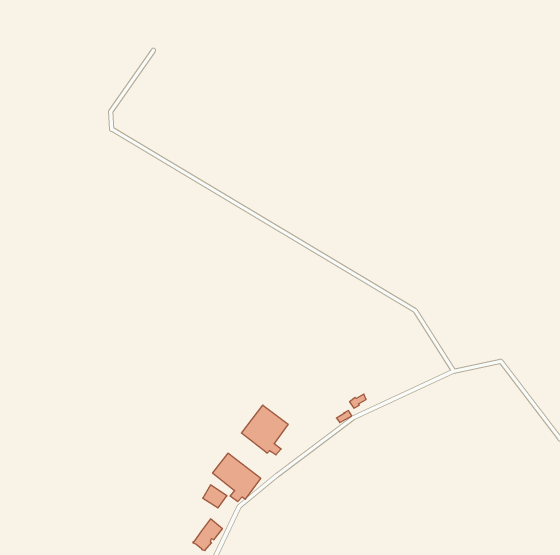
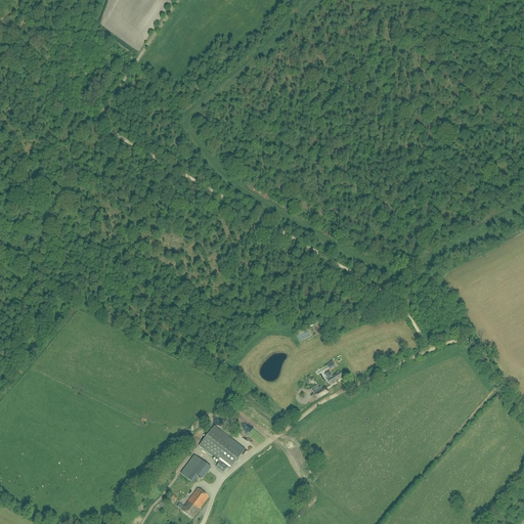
building: [241,405,288,455] -> none

